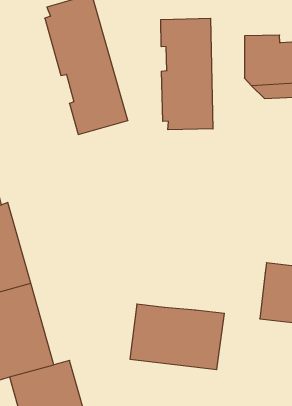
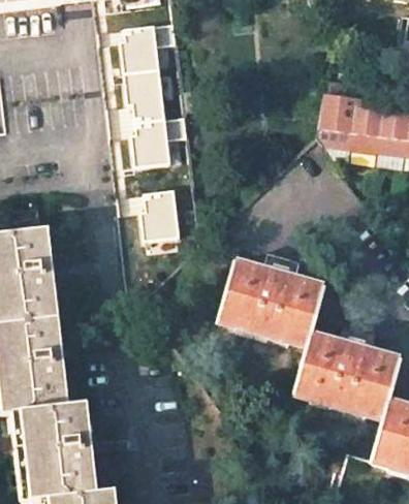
building: [161,18,213,130] -> none
building: none -> [137,188,178,241]
building: [130,304,224,370] -> [216,261,323,344]

